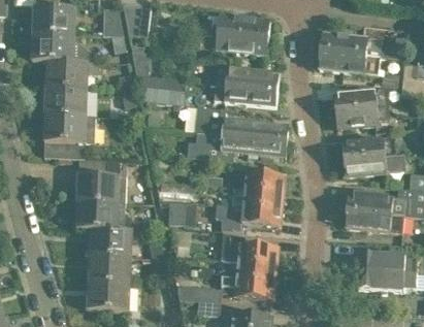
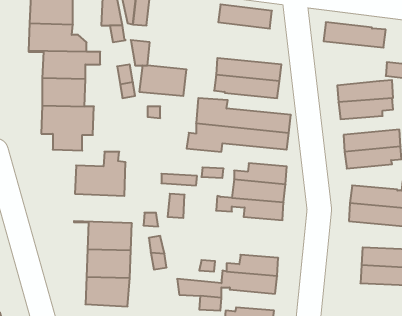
building: [215,31,267,55] -> none
building: [318,50,379,72] -> none
building: [75,199,132,228] -> none
building: [220,232,278,262] -> none

